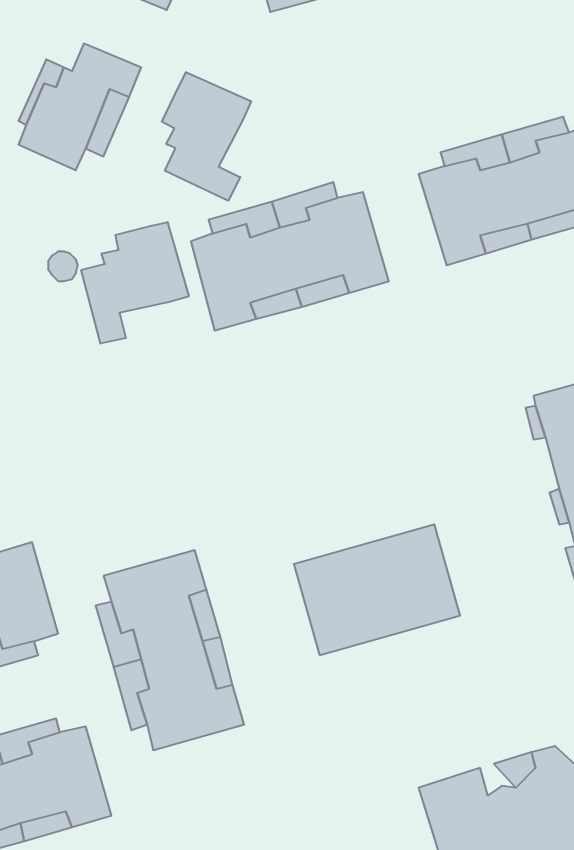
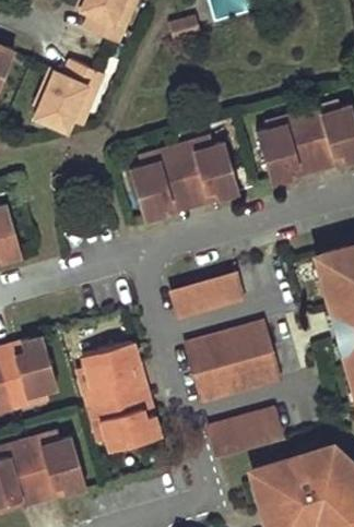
building: [162,72,251,201] -> none
building: [81,222,189,344] -> none
building: none -> [170,271,243,314]
building: none -> [210,414,282,457]

